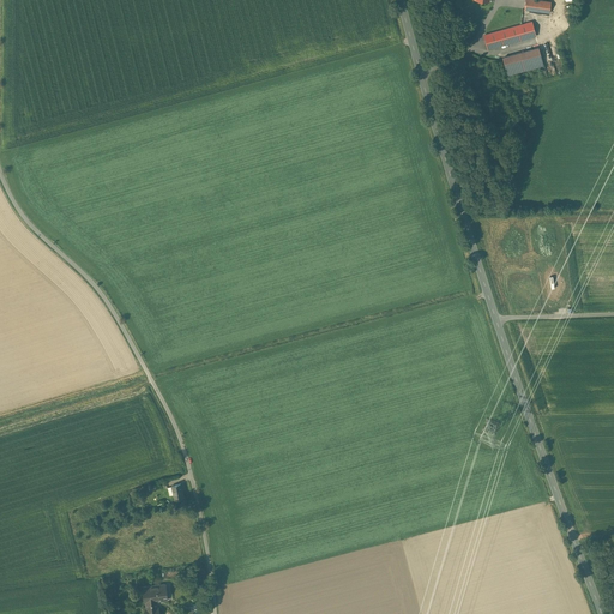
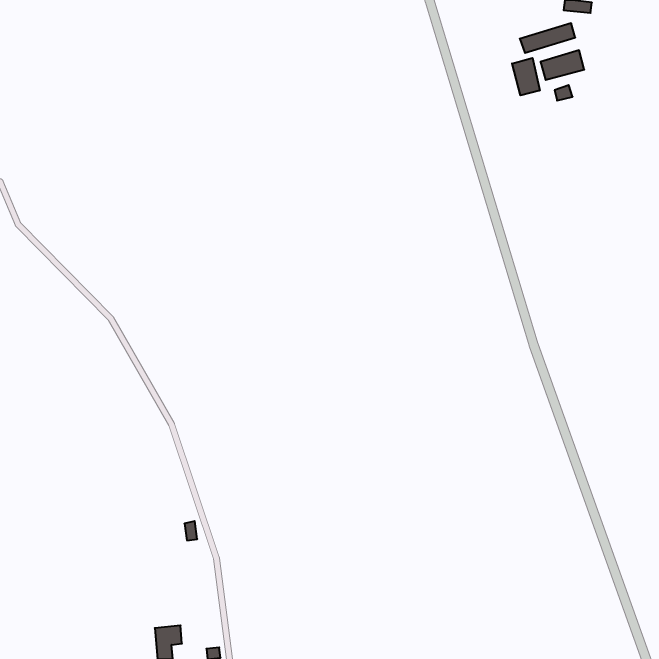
building: none -> [512,58,540,95]

